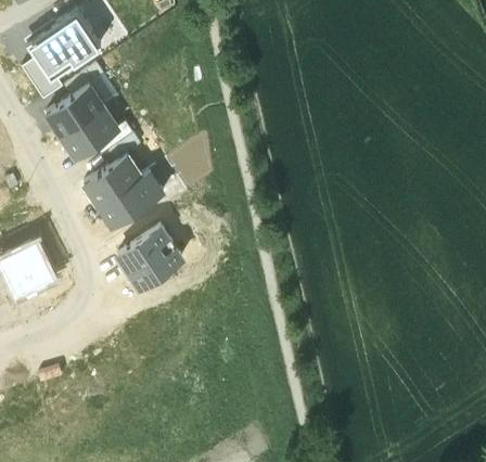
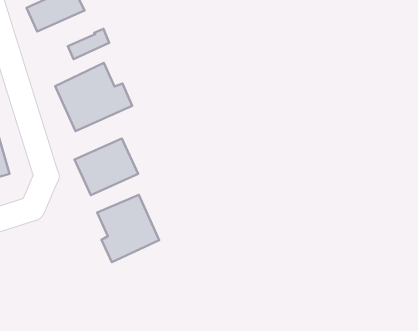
building: [61,108,118,158] -> none
building: none -> [97,195,159,262]

